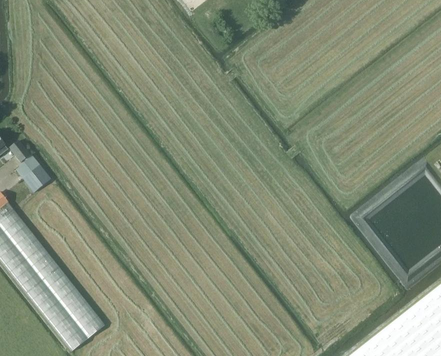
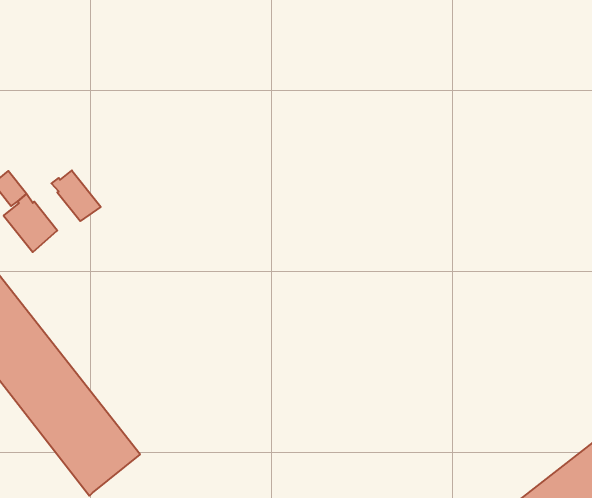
building: none -> [51,170,101,221]

